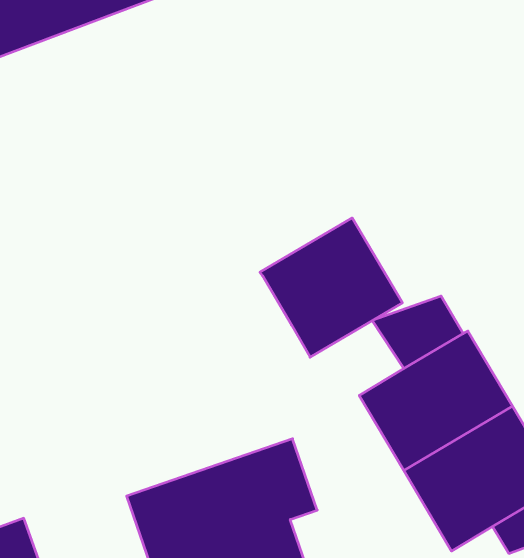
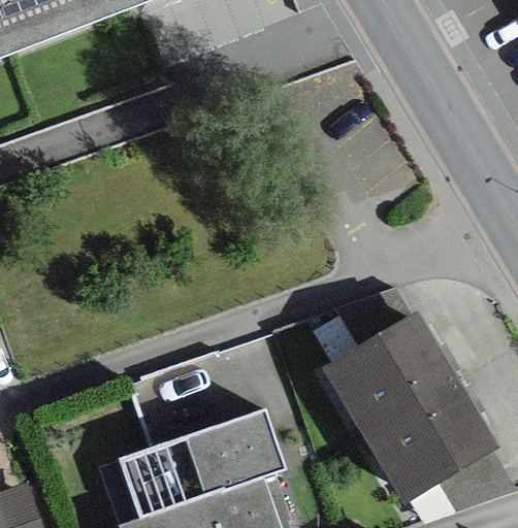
building: [260,218,402,357] -> none

